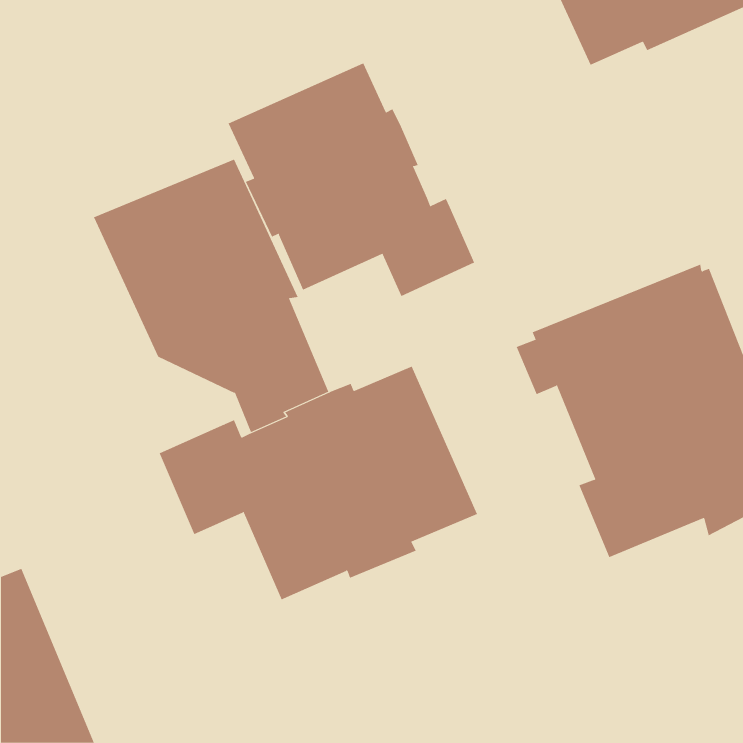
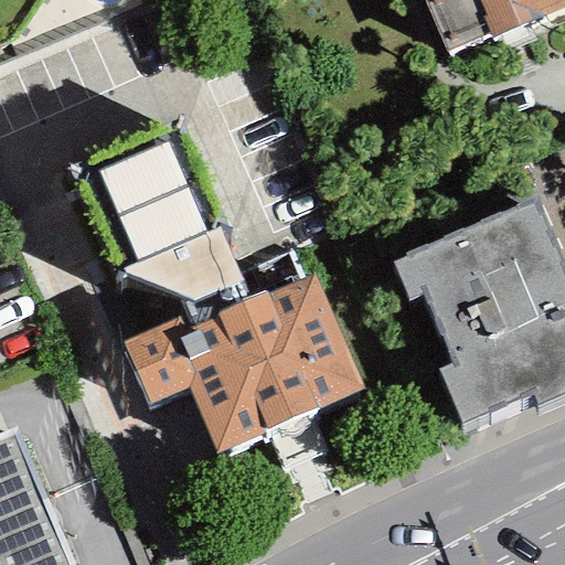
building: [228,63,475,297] -> none

